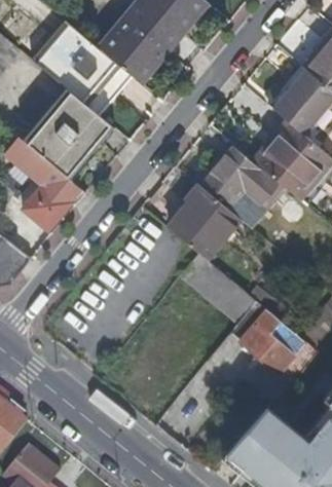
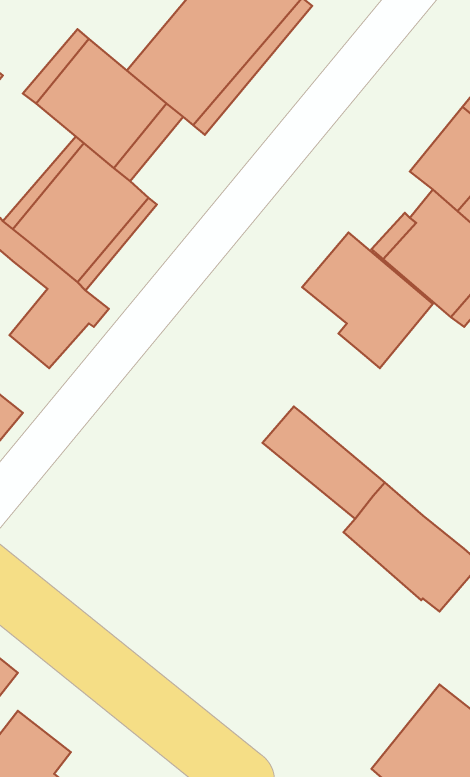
building: [167,183,239,259] -> none
building: [222,407,290,479] -> none

